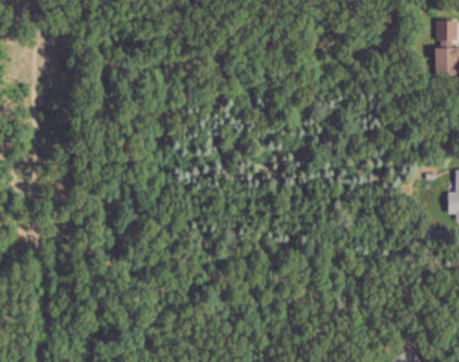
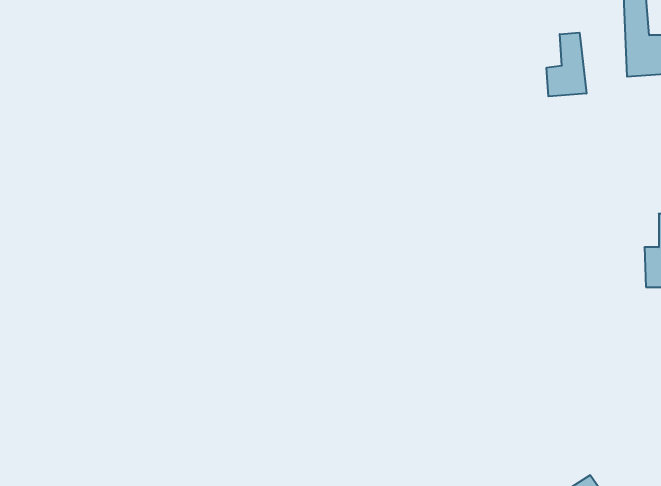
building: none -> [547,33,586,96]

